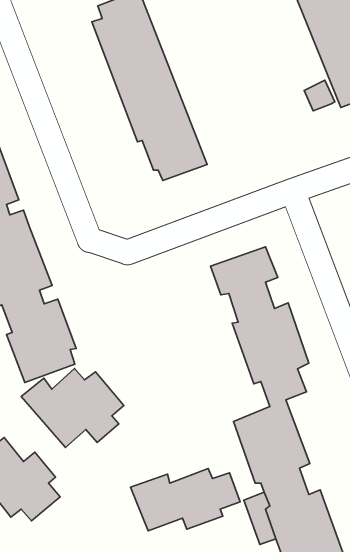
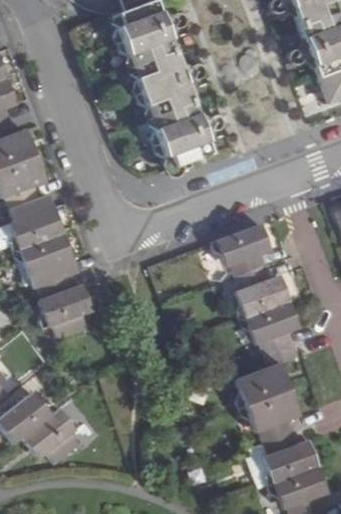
building: [21,368,124,447] -> none
building: [131,469,240,531] -> none

